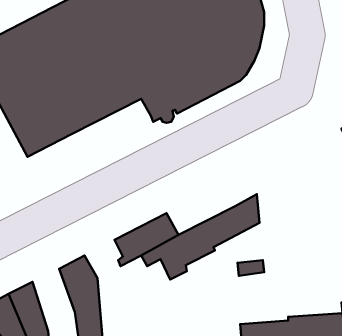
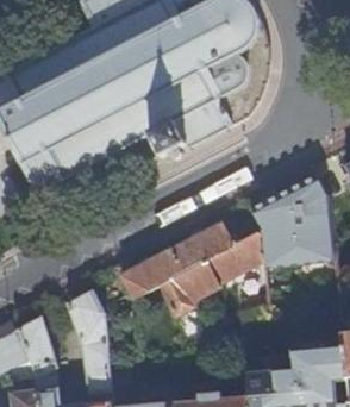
building: none -> [250,174,335,264]
building: none -> [173,221,240,269]

